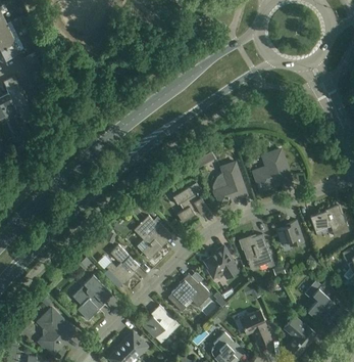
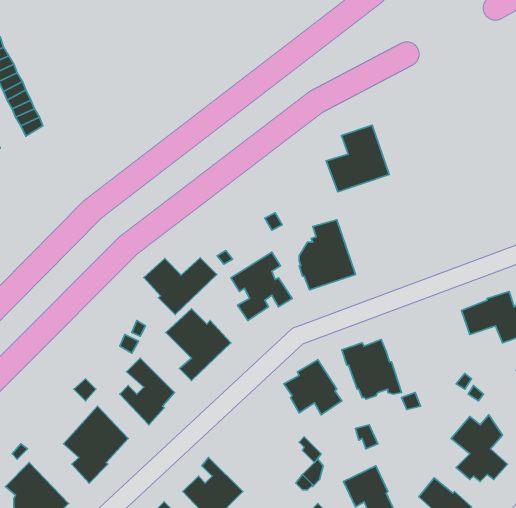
building: [252,149,290,189] -> [326,125,389,192]
building: none -> [144,258,217,315]
building: [275,219,303,245] -> none
building: [167,274,210,311] -> none

